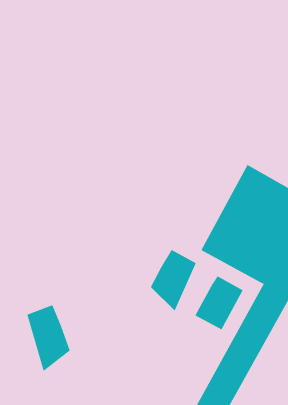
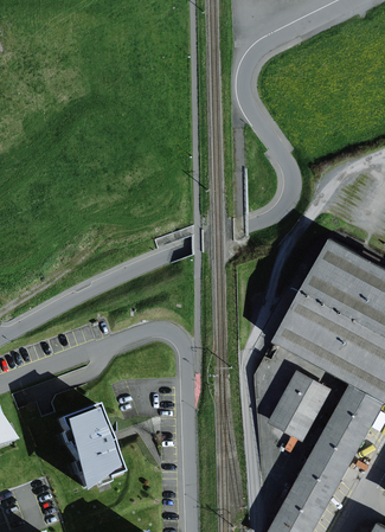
building: [150,249,197,311] -> none

